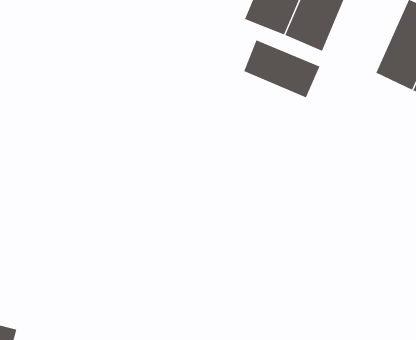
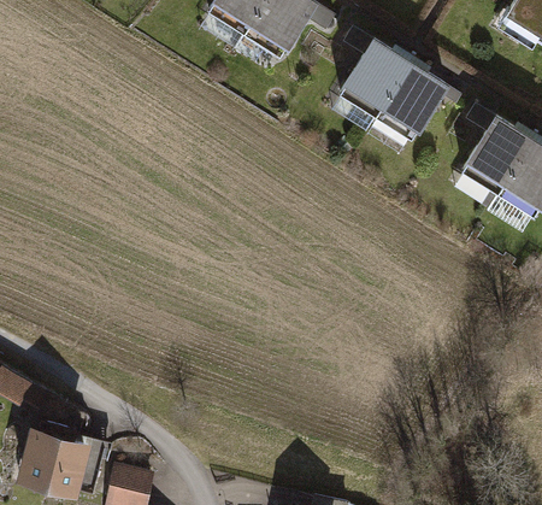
building: [244,39,320,98] -> none

